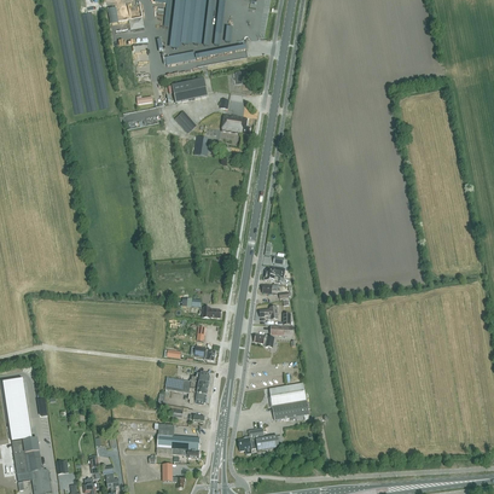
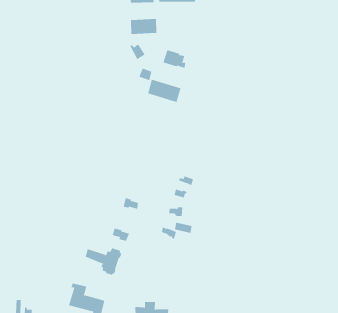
building: none -> [147,79,181,103]
building: [269,382,310,419] -> none

